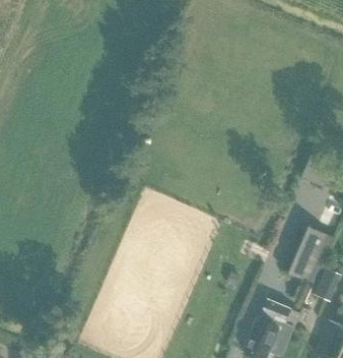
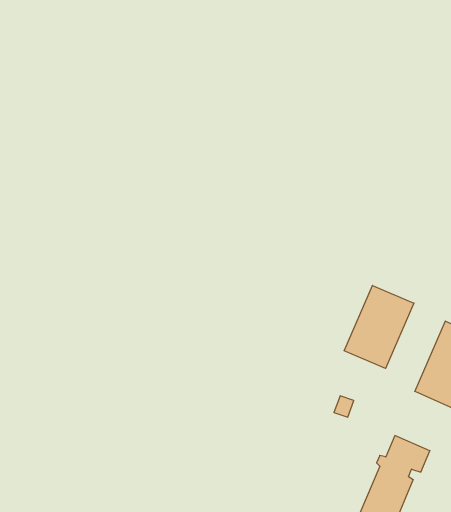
building: none -> [344,285,414,368]

